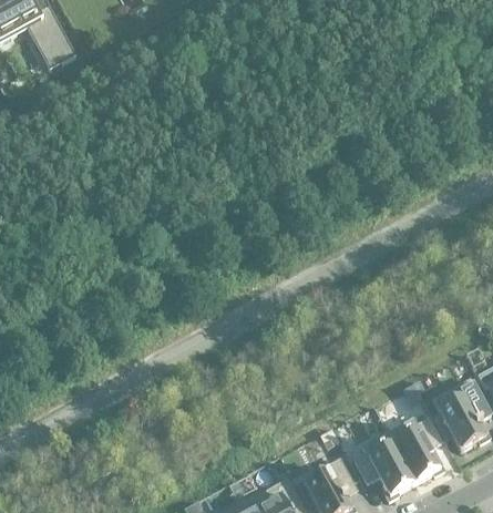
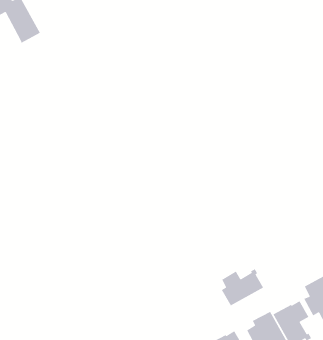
building: none -> [221,268,264,306]

